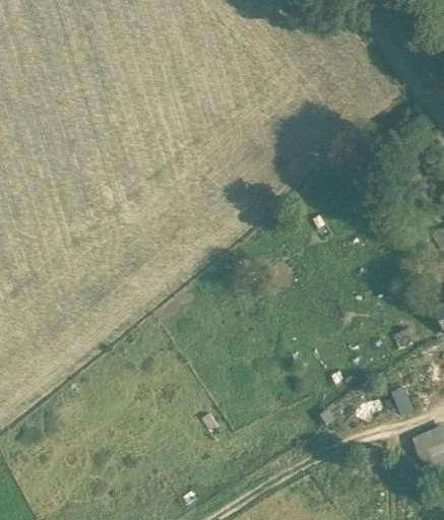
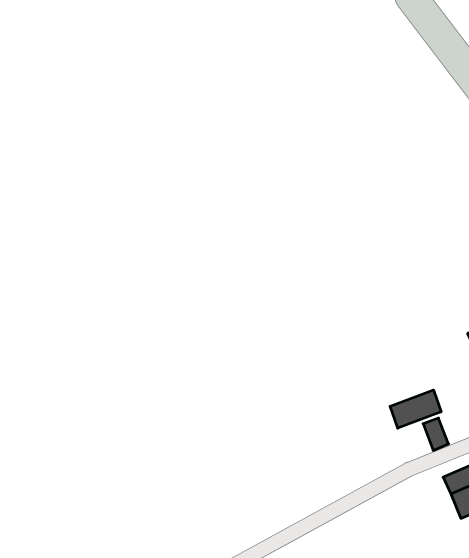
building: none -> [390,390,441,428]

